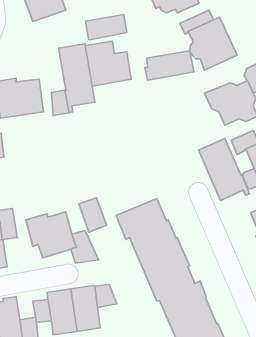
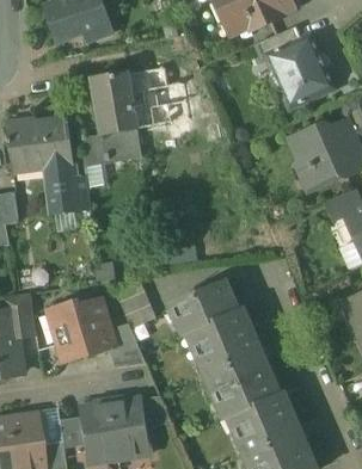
building: [85,14,127,40] -> none
building: [145,51,194,80] -> none
building: none -> [47,162,88,214]
building: [198,138,249,200] -> none

